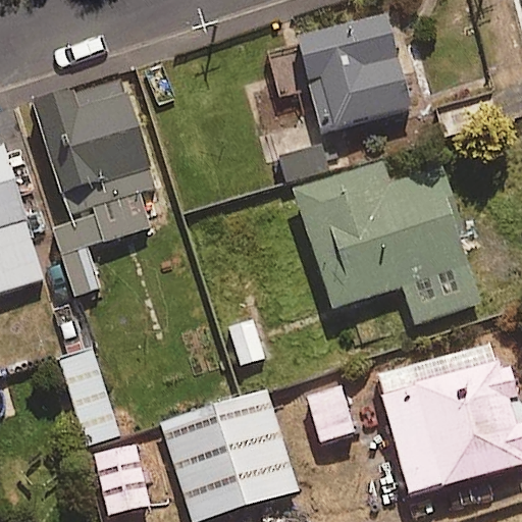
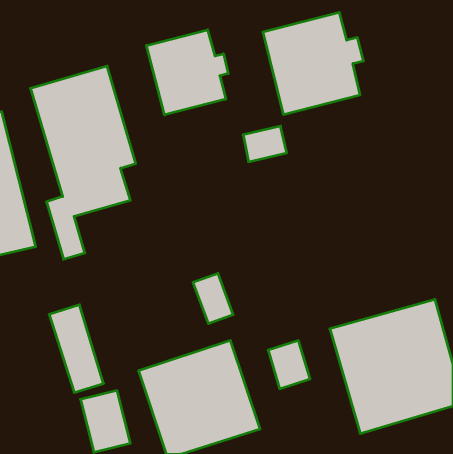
building: none -> [146,30,228,115]
building: [296,149,479,322] -> none

